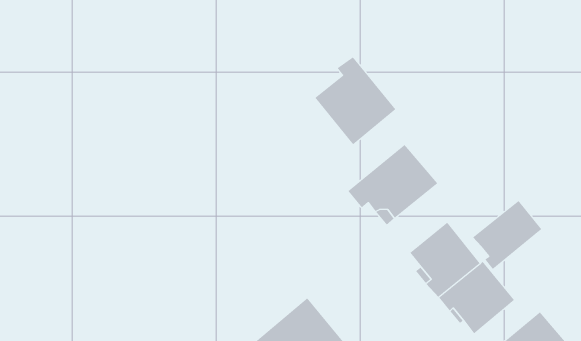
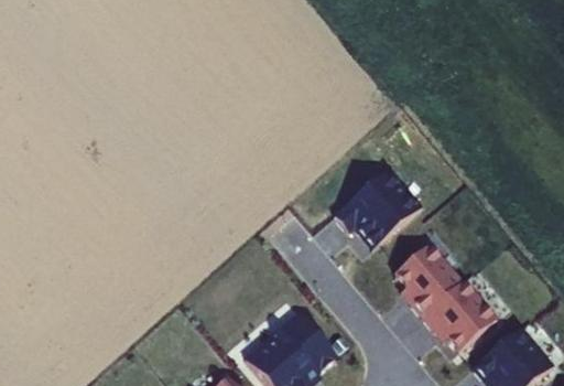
building: [314,57,396,145] -> none
building: [472,200,542,270] -> none

